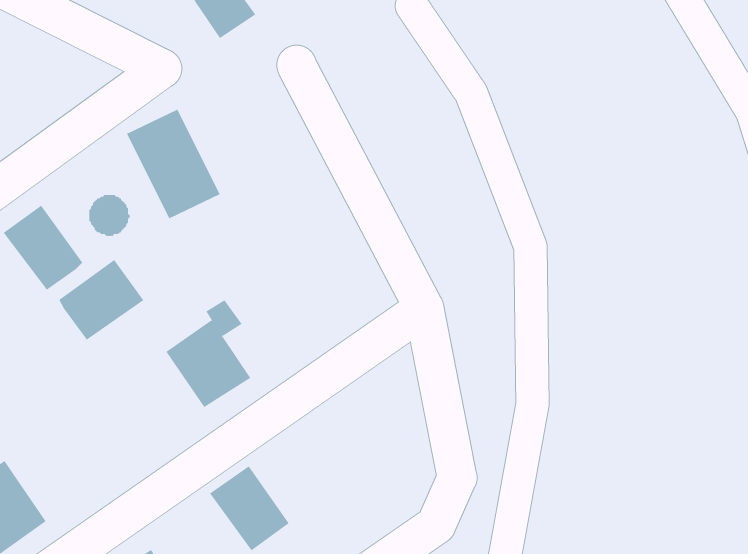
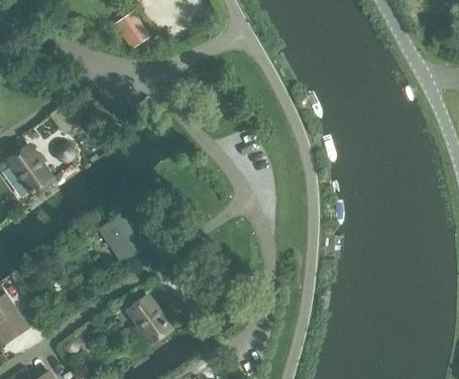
building: [126,109,220,219] -> none
building: [58,259,144,340] -> none

